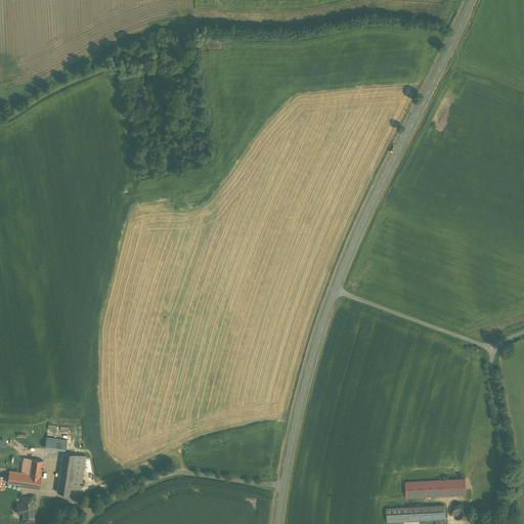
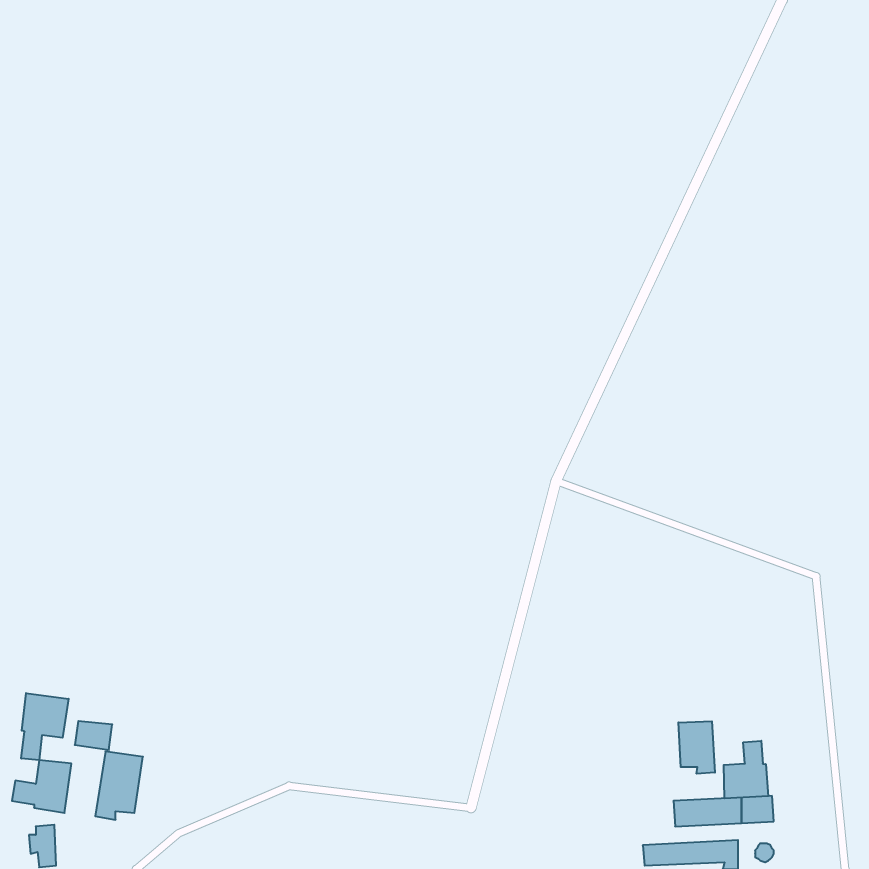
building: none -> [21,693,69,760]
building: none -> [678,721,715,774]
building: none -> [724,741,768,798]

